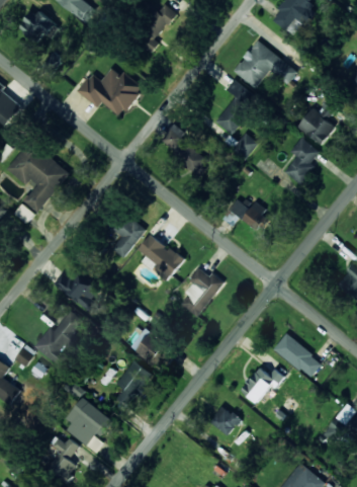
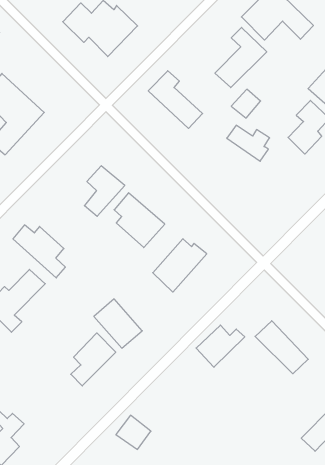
building: [229,200,266,230] -> [227,125,270,161]
building: [241,368,282,405] -> [196,325,245,367]
building: [66,398,112,447] -> none
building: [209,406,240,435] -> [116,415,151,449]

